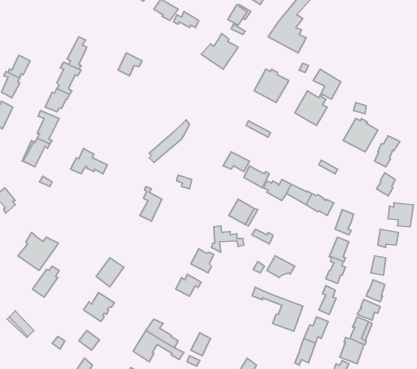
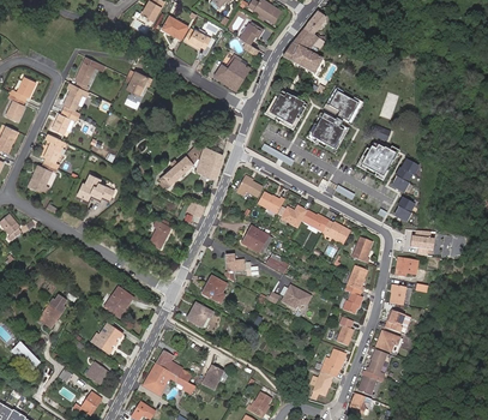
building: none -> [195,145,223,180]
building: [18,233,59,271] -> none
building: [252,287,303,331] -> none

